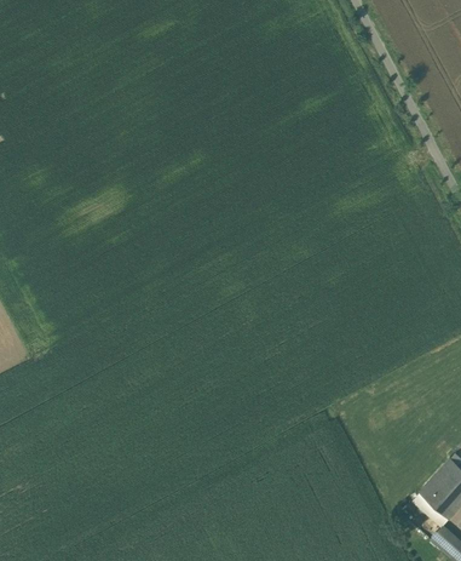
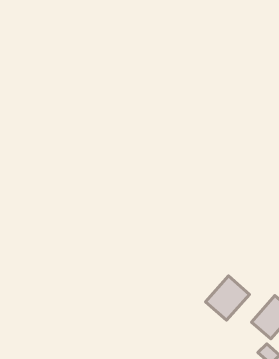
building: none -> [206,276,250,320]

